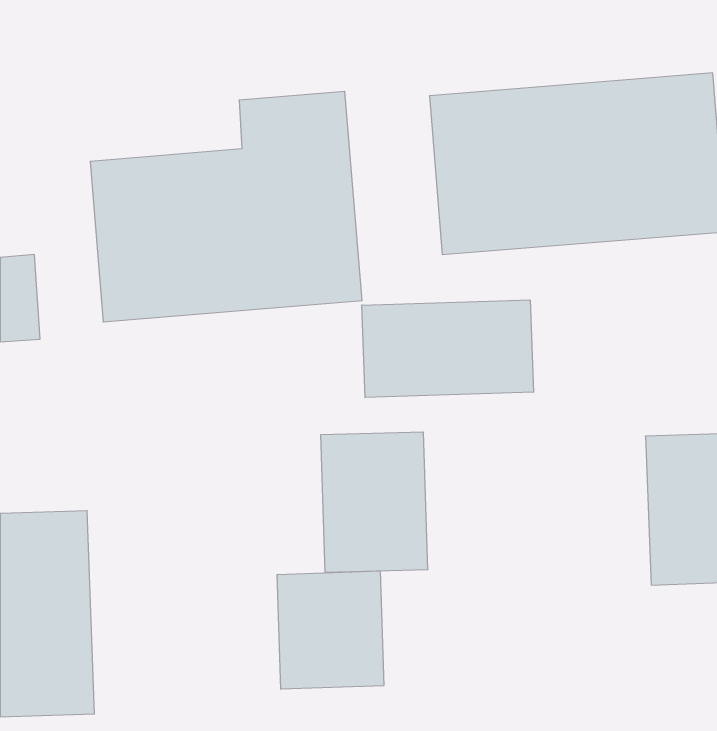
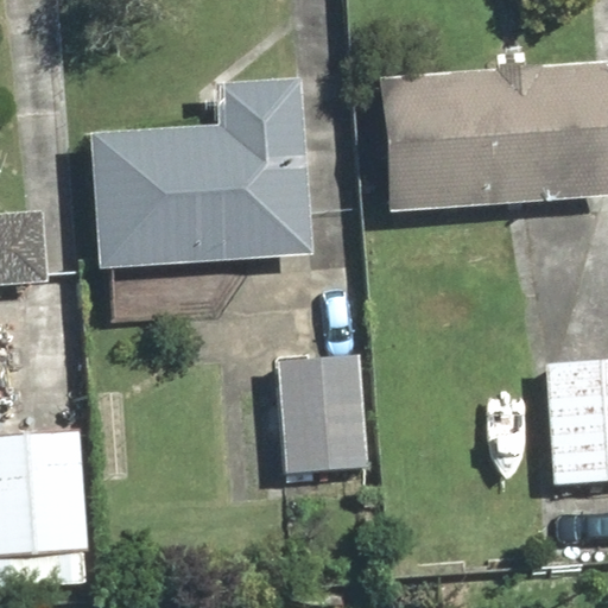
building: [362,300,533,398] -> none
building: [277,571,384,689] -> none

